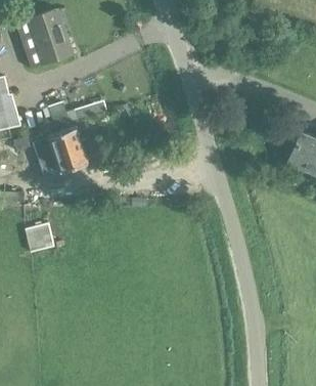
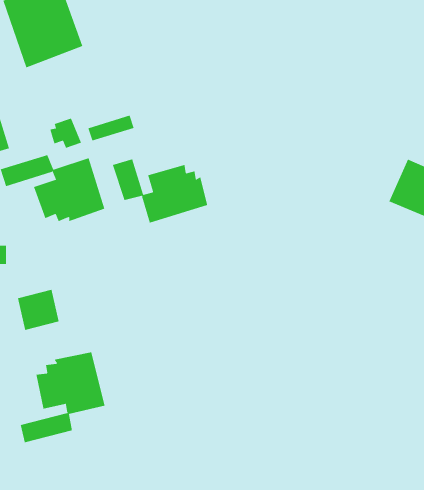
building: none -> [112,158,208,224]
building: none -> [20,352,105,443]

